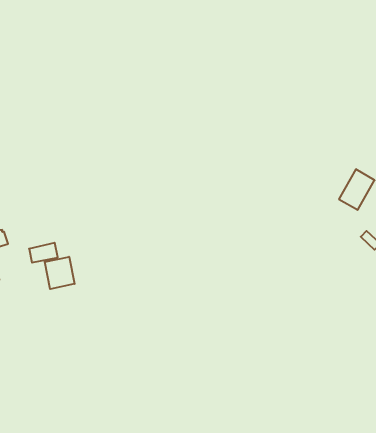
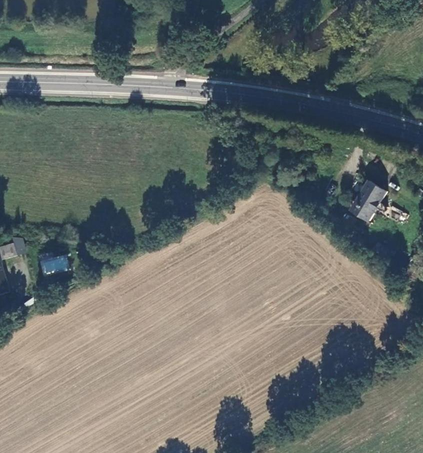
building: [45,257,75,289] -> none

